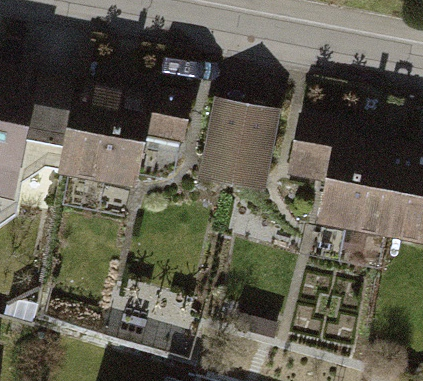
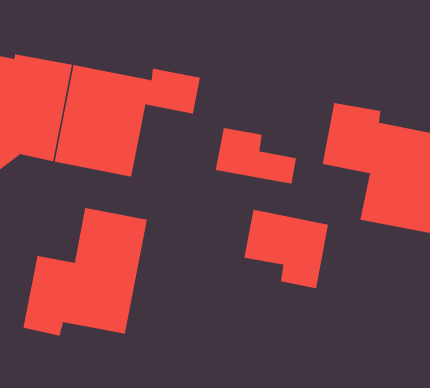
building: [208,100,280,167] -> [243,209,329,289]
building: none -> [23,207,148,336]

